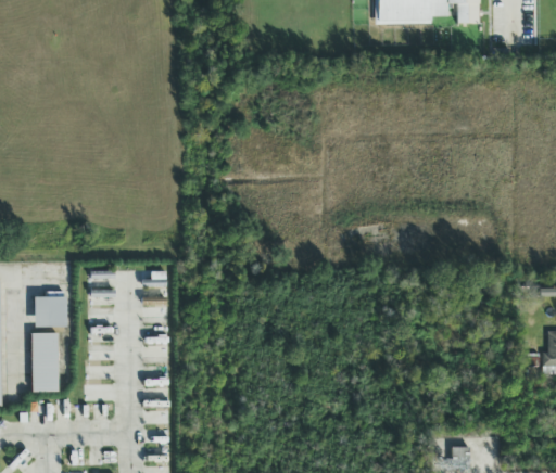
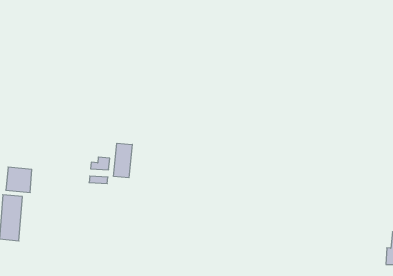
building: none -> [114,143,132,178]

